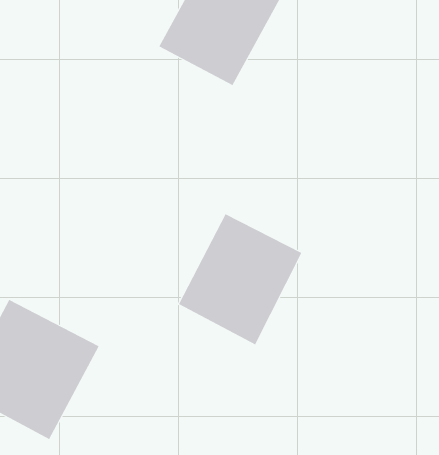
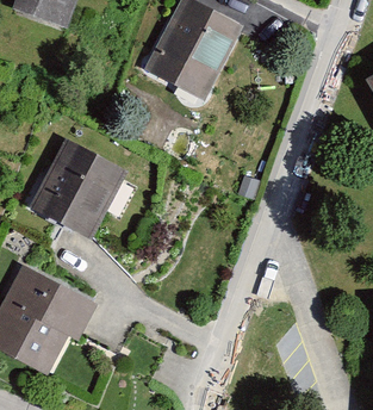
building: [178,213,302,345] -> [33,131,131,235]

